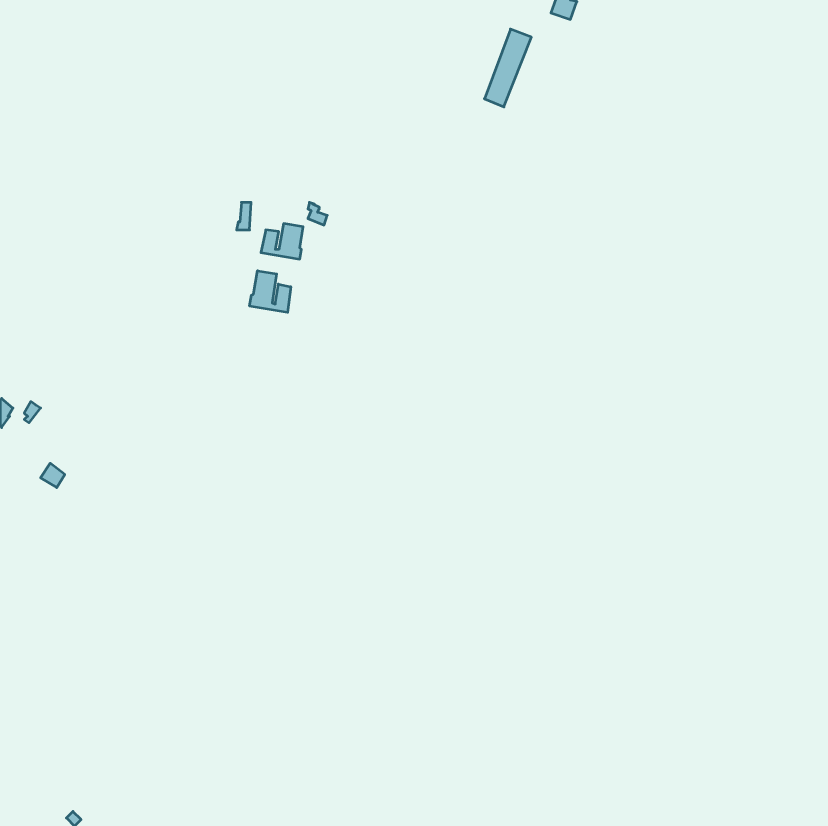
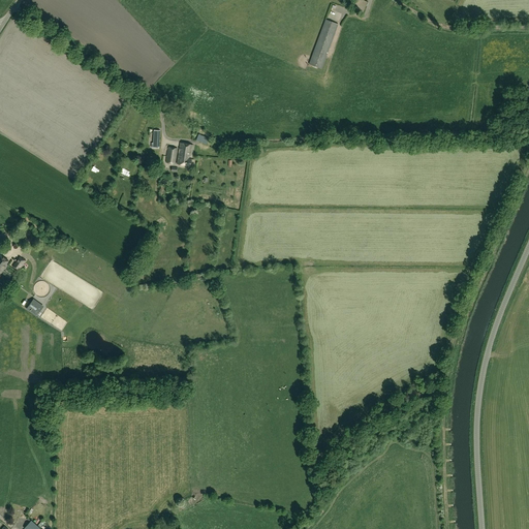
building: [250,271,291,312] -> none

